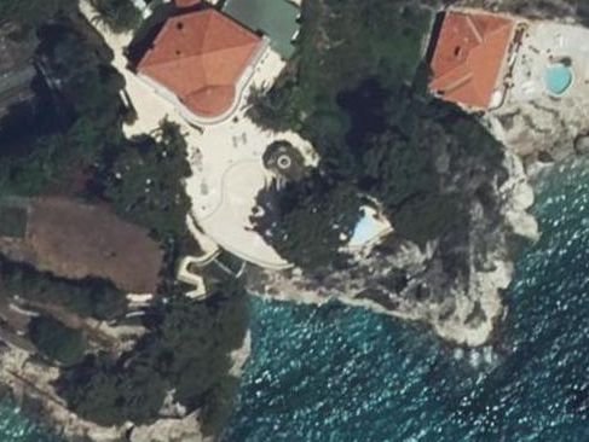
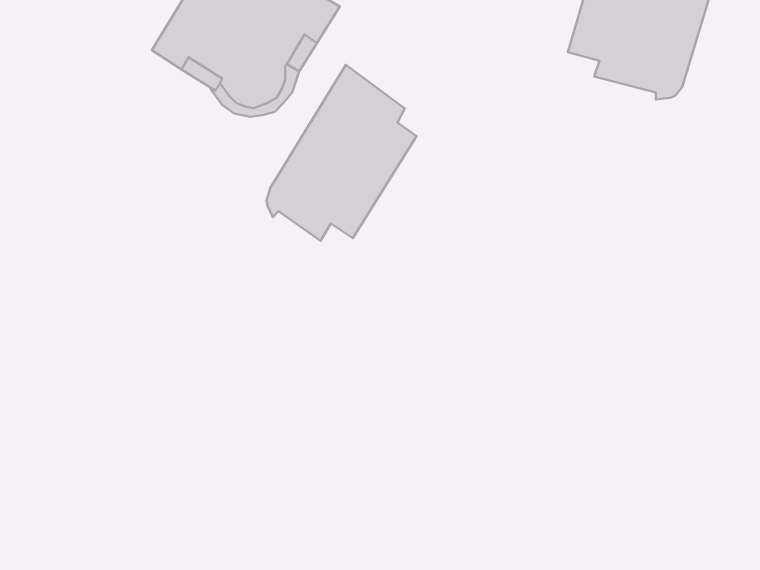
building: none -> [266,65,416,241]

